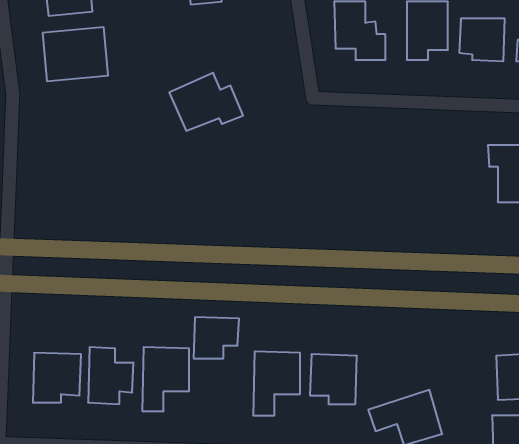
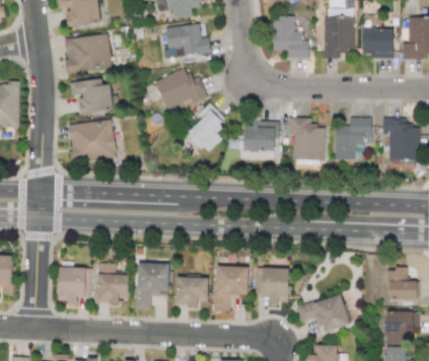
building: none -> [165,24,210,55]
building: none -> [69,78,113,114]
building: none -> [186,103,226,154]
building: none -> [288,118,325,160]
building: none -> [334,118,371,160]
building: none -> [68,120,115,162]
building: none -> [243,120,276,151]
building: [194,317,239,358] -> [175,277,208,306]

